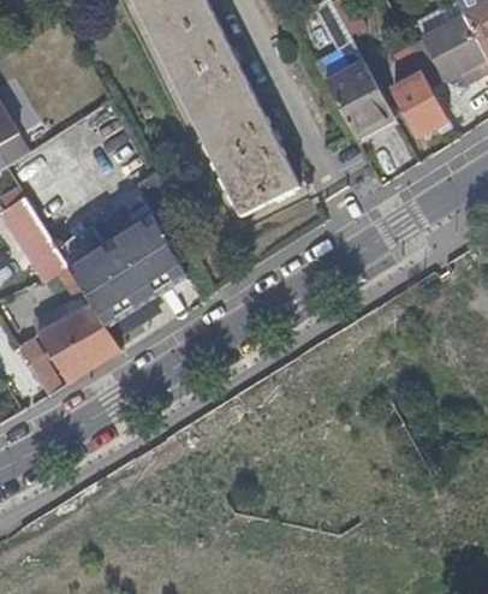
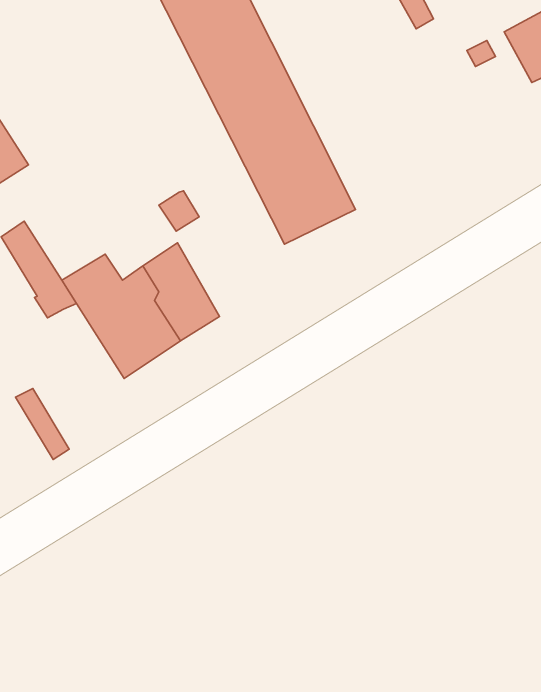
building: [323,60,393,136] -> none
building: [392,71,447,135] -> none
building: [37,263,120,380] -> none

